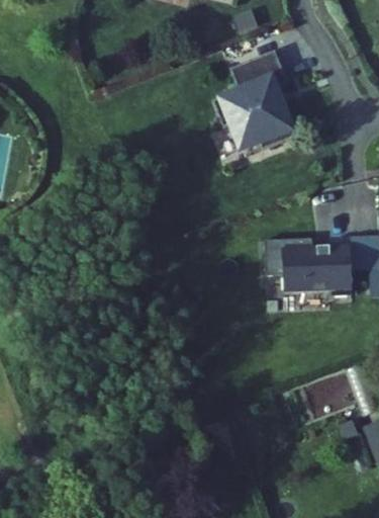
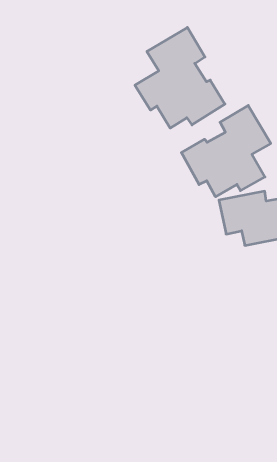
building: none -> [181,105,271,197]

